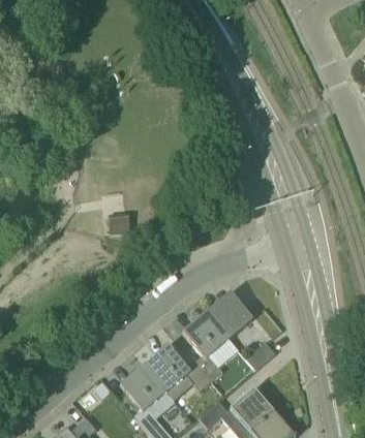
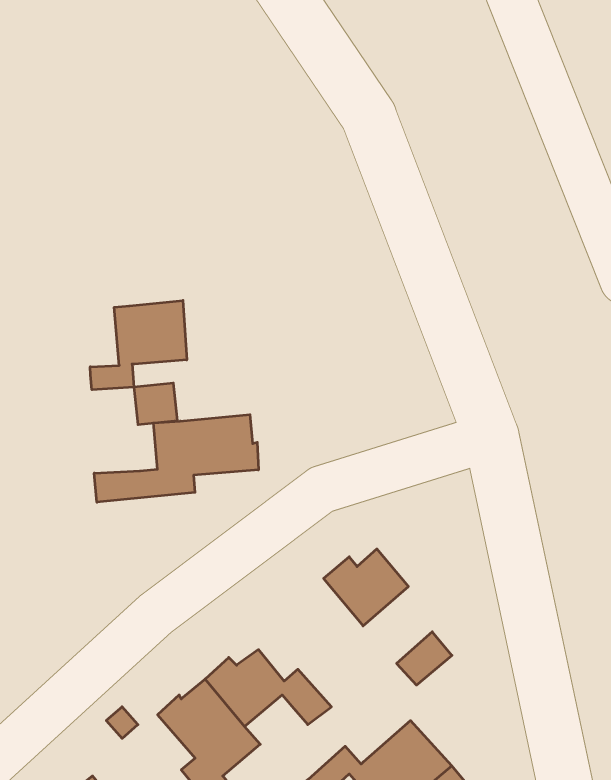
building: none -> [90,300,187,390]
building: none -> [94,415,258,502]
building: [188,314,229,381] -> none

